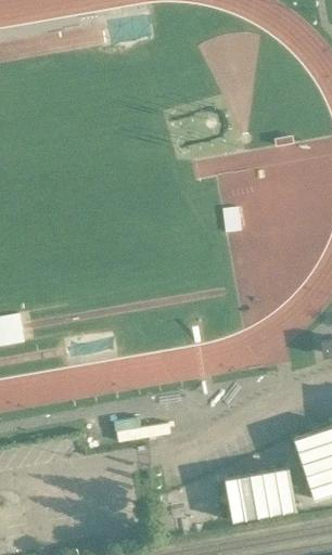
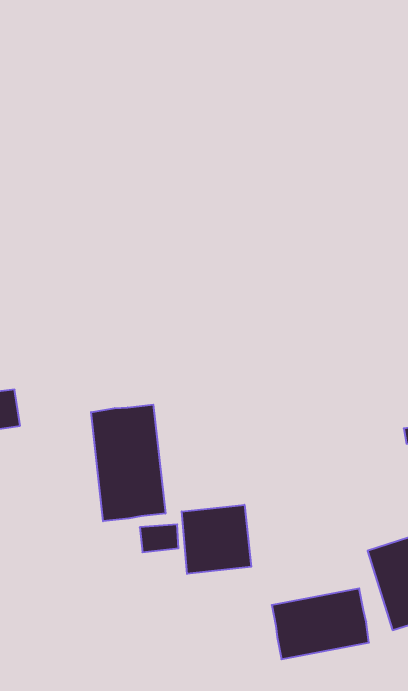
building: none -> [91,405,165,521]
building: none -> [182,505,251,574]

